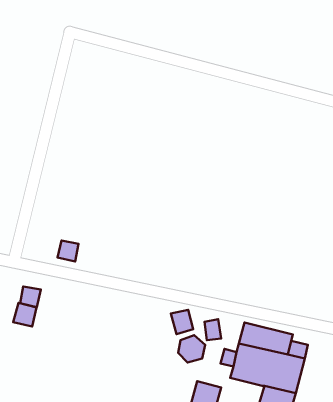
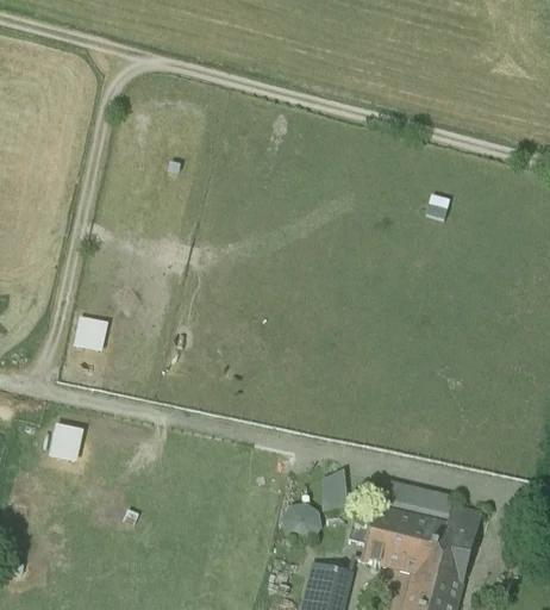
building: [58,241,78,261] -> [74,317,105,348]
building: [13,303,36,327] -> none
building: [171,310,193,334] -> none

